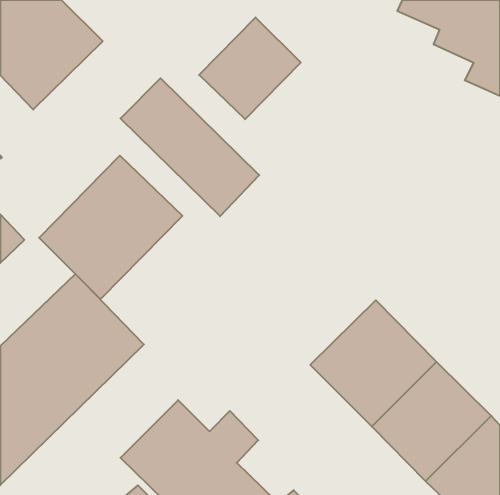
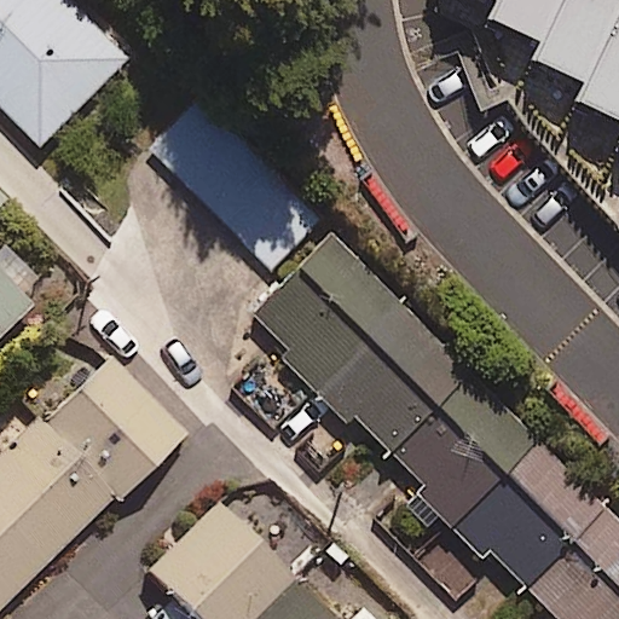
building: [199,17,301,119] -> none
building: [39,156,182,299] -> none
building: none -> [256,250,464,457]

